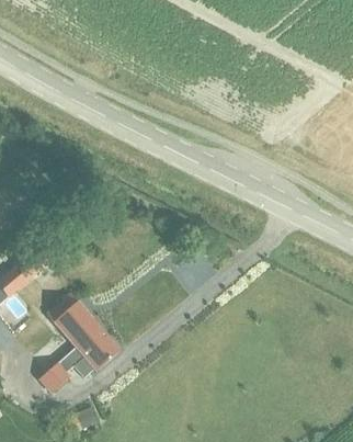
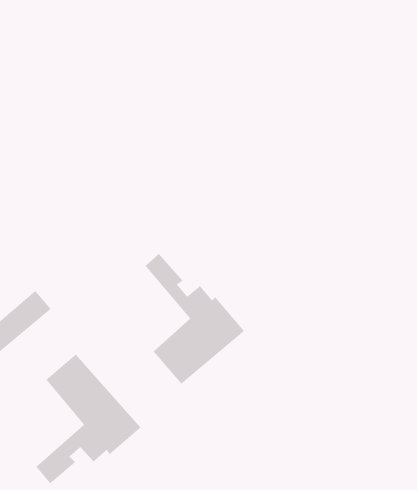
building: none -> [145,253,245,384]

